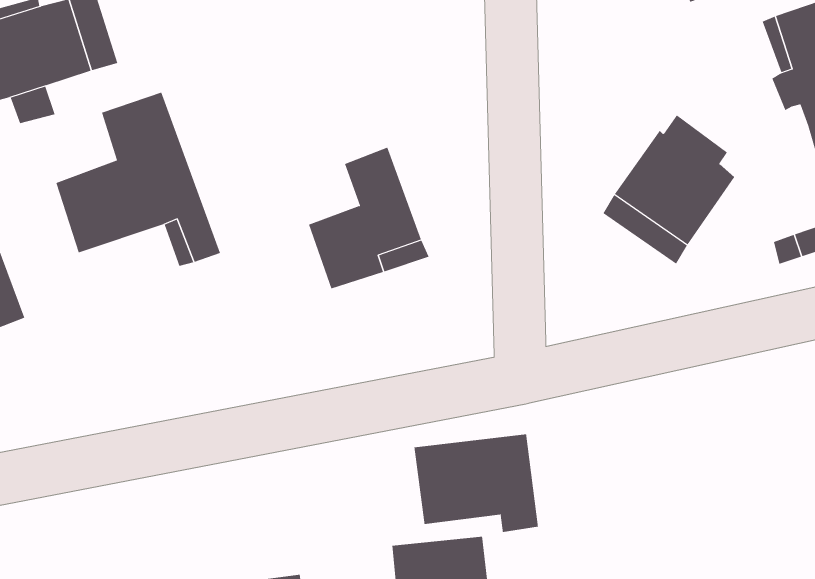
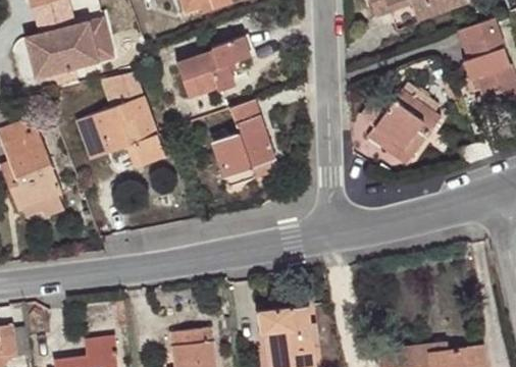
building: none -> [177,35,252,96]
building: [414,434,539,533] -> none

